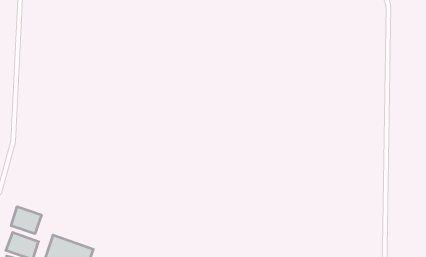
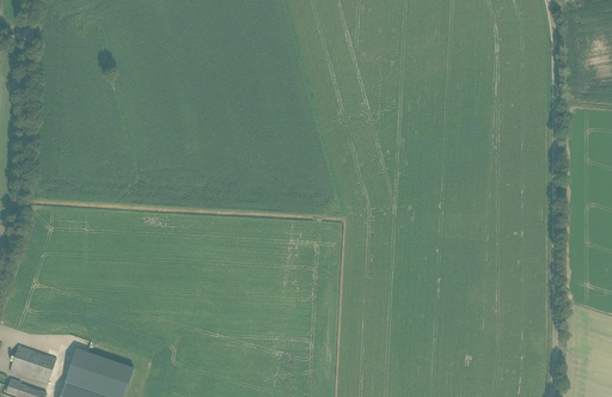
building: [11,207,41,234] -> none

